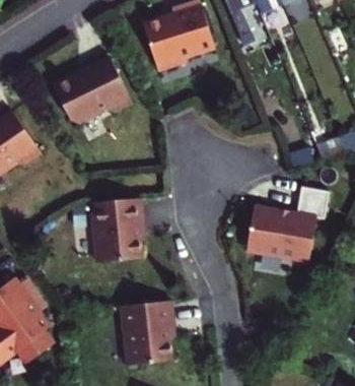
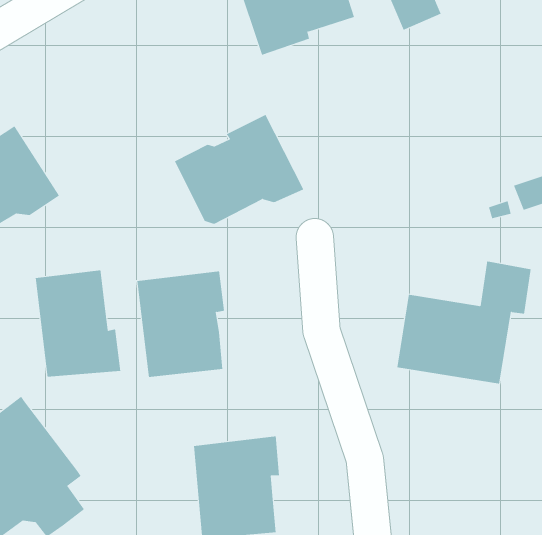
building: [54,53,133,120] -> [174,114,304,224]
building: none -> [35,269,121,377]

